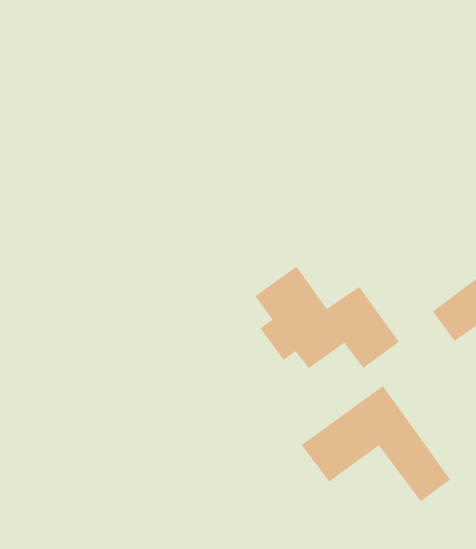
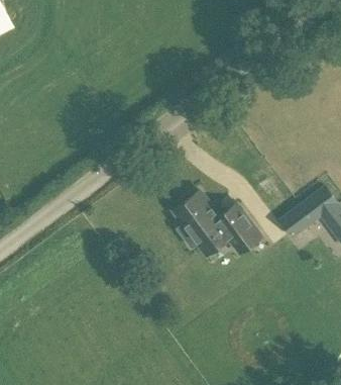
building: [301,385,451,502] -> none

